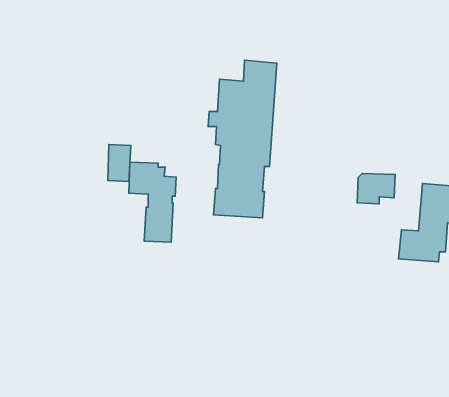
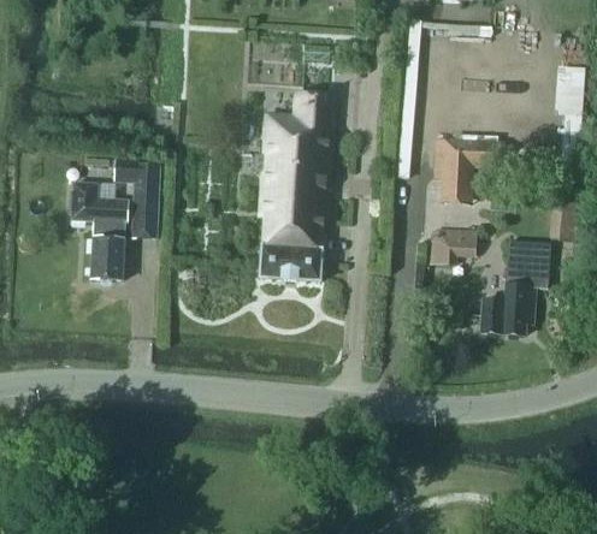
building: none -> [433,137,502,204]
building: none -> [114,159,160,195]
building: [129,162,176,242] -> [72,183,129,279]

